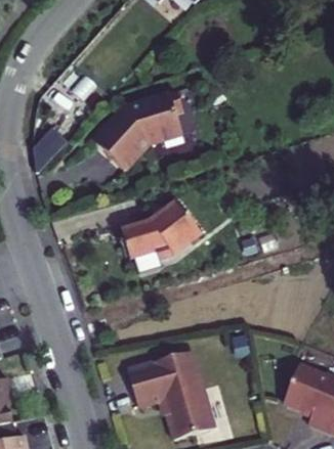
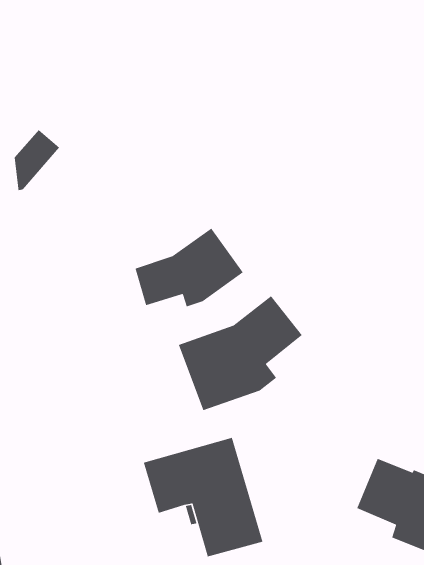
building: [95,89,182,167] -> none
building: none -> [178,295,303,411]

